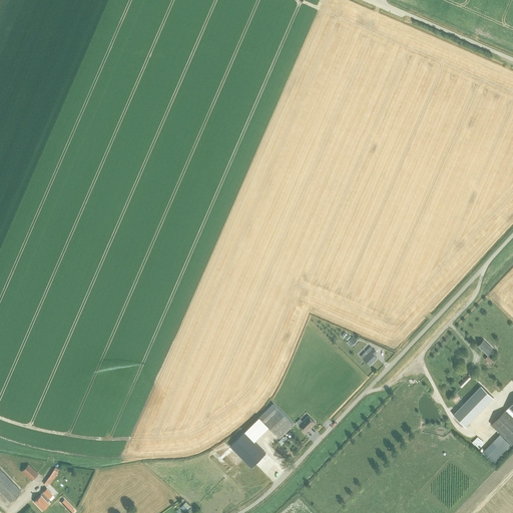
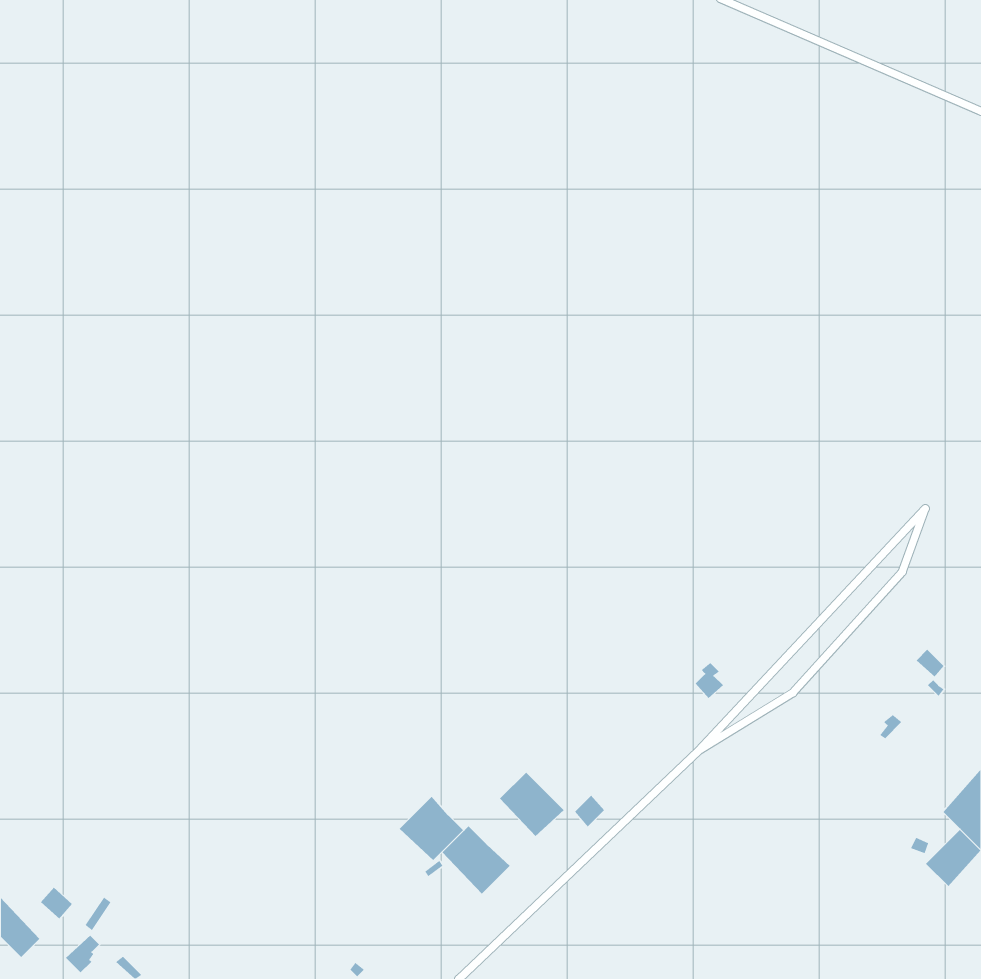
building: [455,387,494,427] -> none
building: none -> [399,796,464,861]

